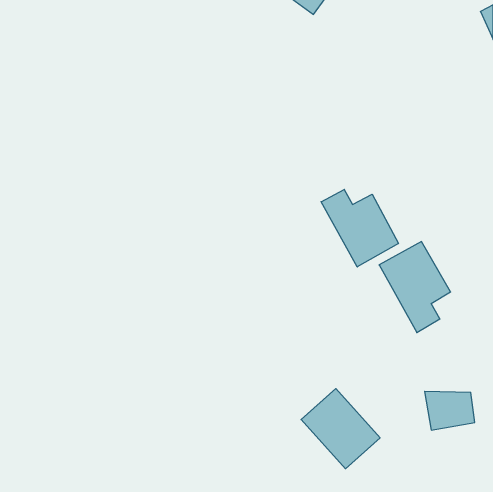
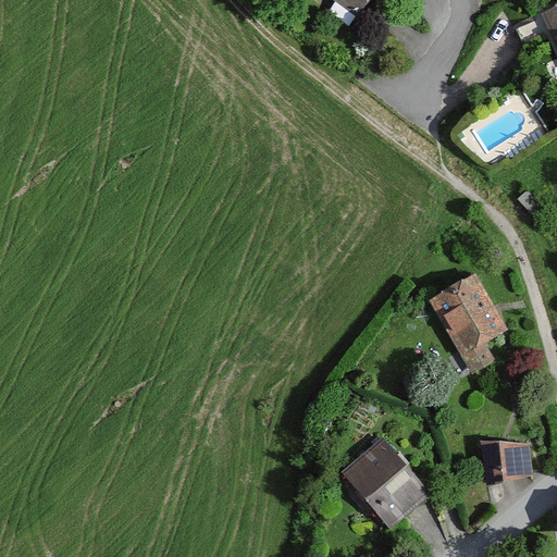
building: [321,189,398,267] -> none

